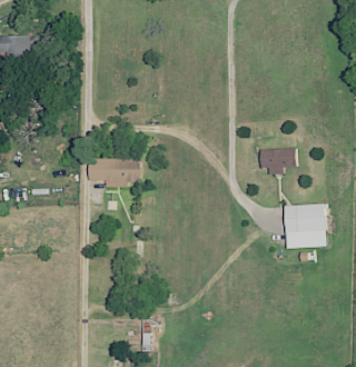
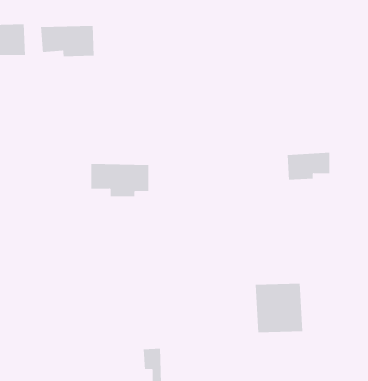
building: none -> [40,25,94,57]
building: [283,205,325,248] -> [255,283,303,333]

